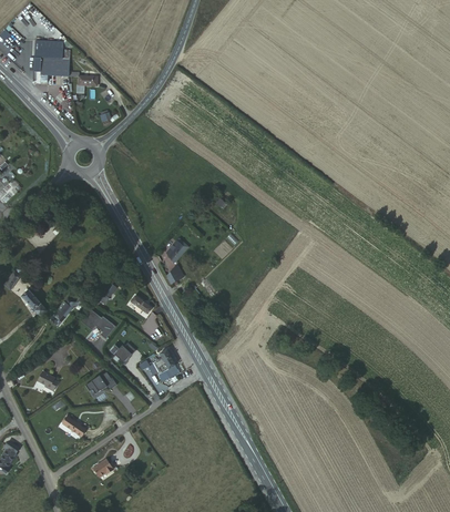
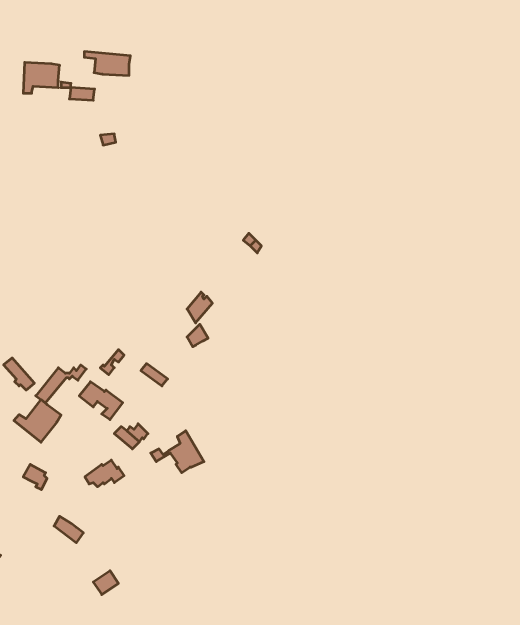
building: [24,39,61,58] -> [84,52,130,75]
building: none -> [14,400,61,442]

